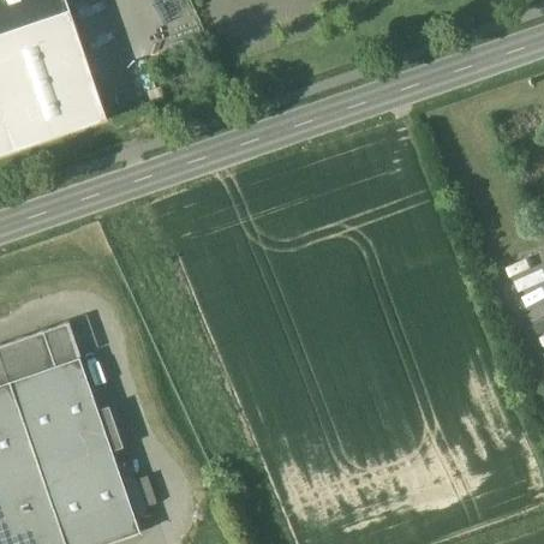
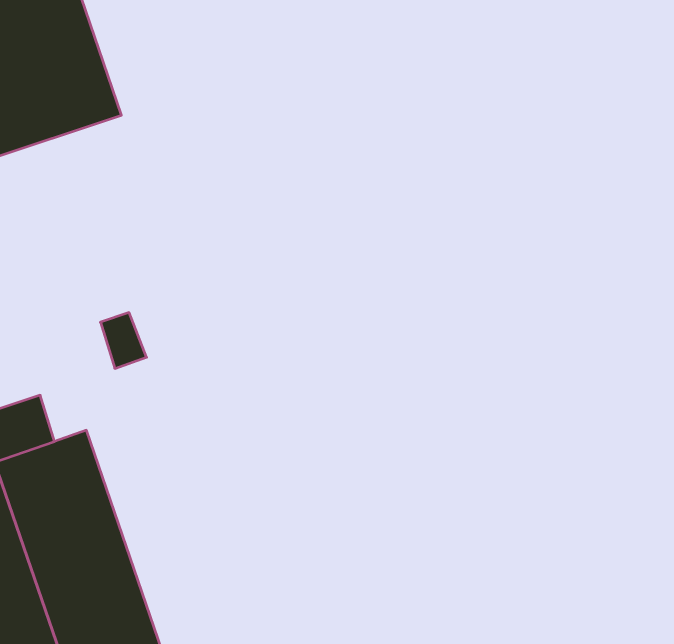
building: [43,324,78,366] -> [100,313,147,368]

